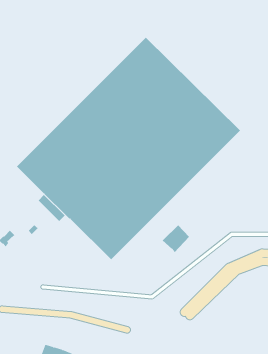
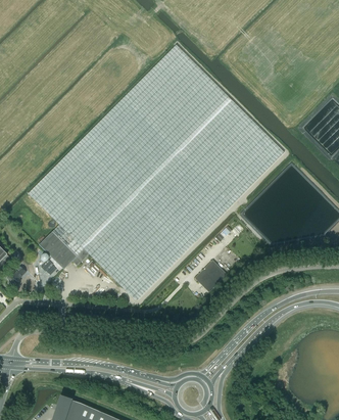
building: none -> [40,232,90,269]

